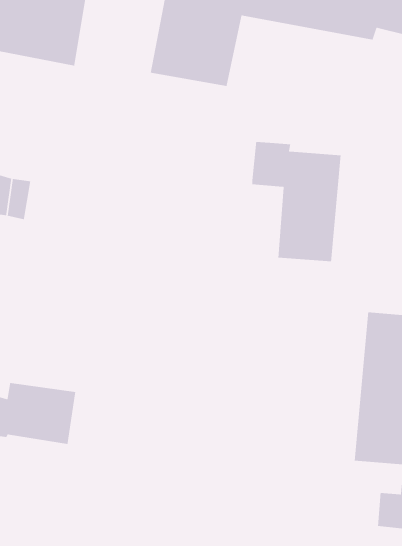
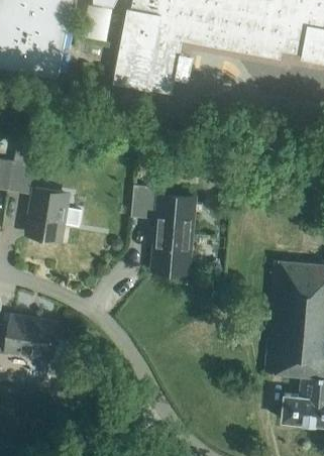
building: [252,141,341,262] -> [130,185,197,274]
building: none -> [23,186,81,242]

